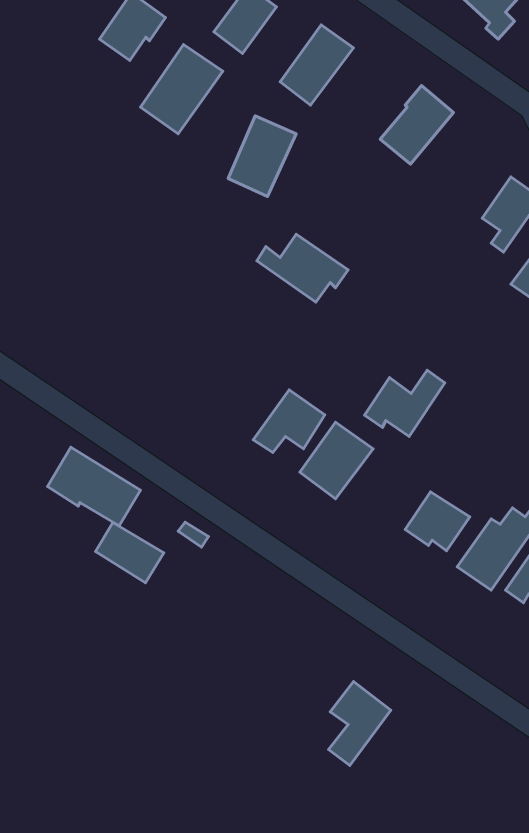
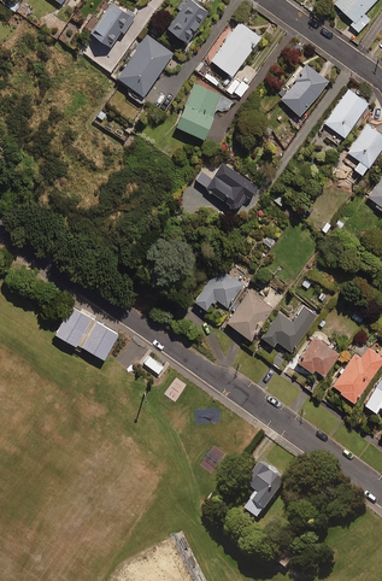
building: none -> [323,89,369,146]
building: [365,370,445,437] -> [261,307,316,352]
building: [96,523,164,583] -> none

